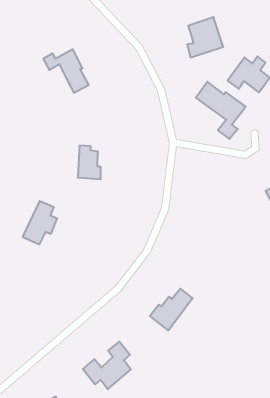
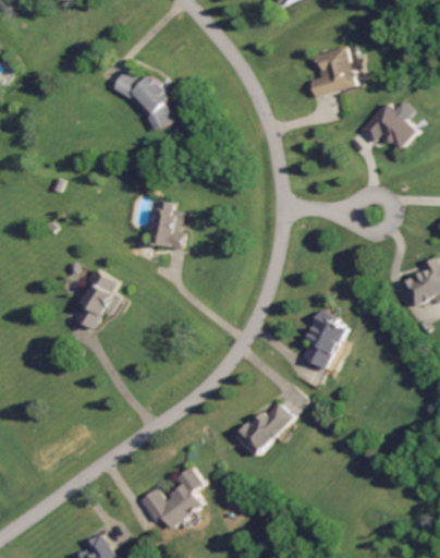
building: [196,82,246,139] -> none
building: none -> [302,312,346,368]

